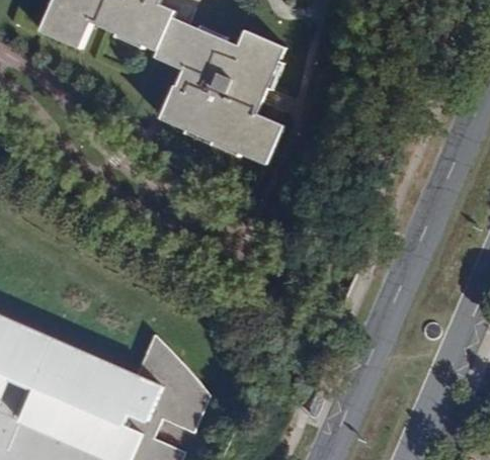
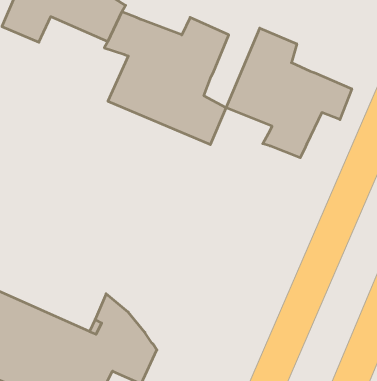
building: none -> [226,28,352,158]

